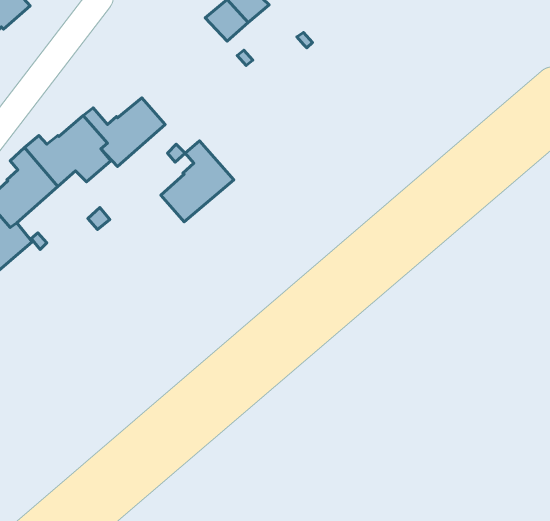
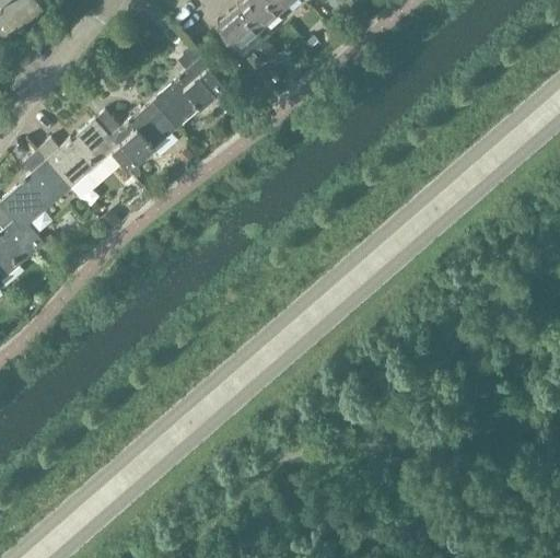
building: [161,141,234,222] -> [153,47,225,127]

